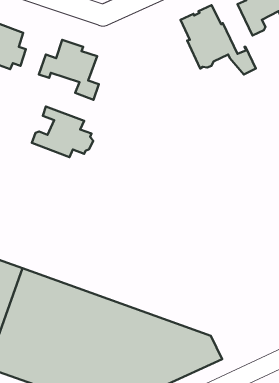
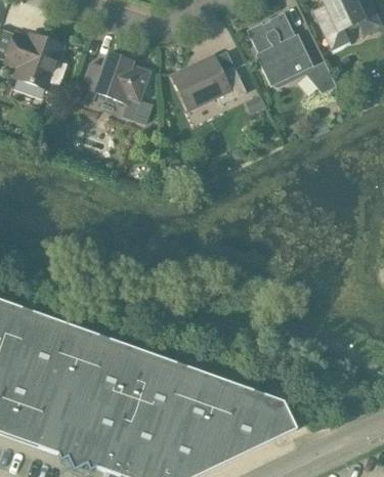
building: none -> [174,55,247,109]
building: [32,107,93,157] -> none

